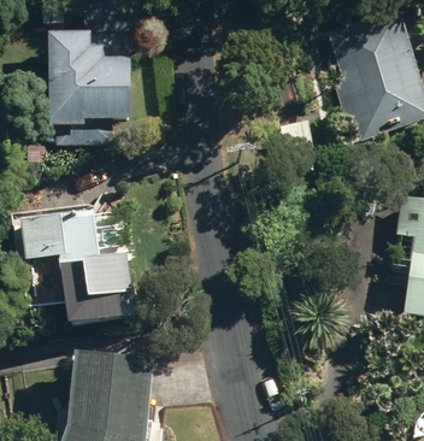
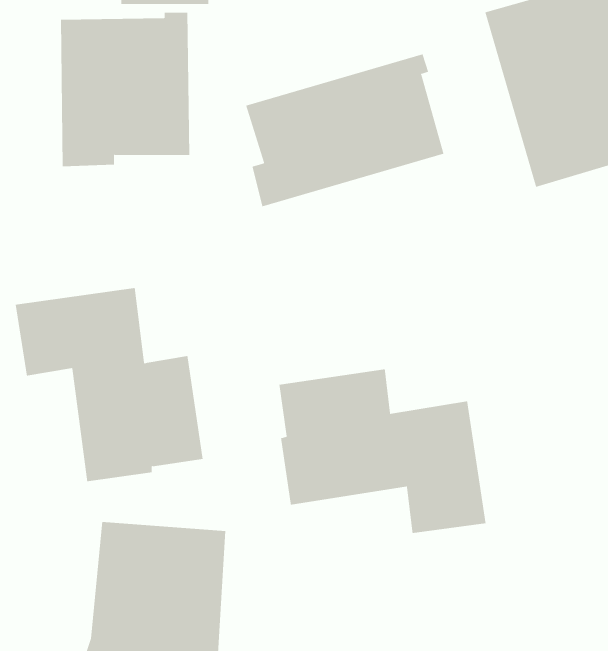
building: none -> [245,54,444,207]
building: none -> [279,369,486,534]

